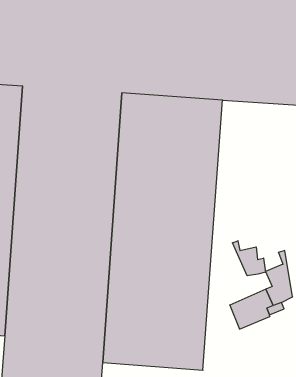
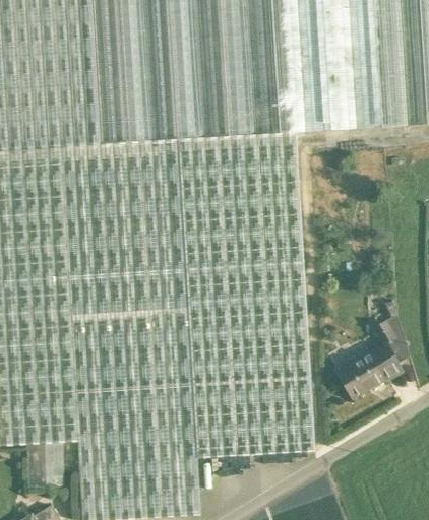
building: [232,241,265,276] -> none

